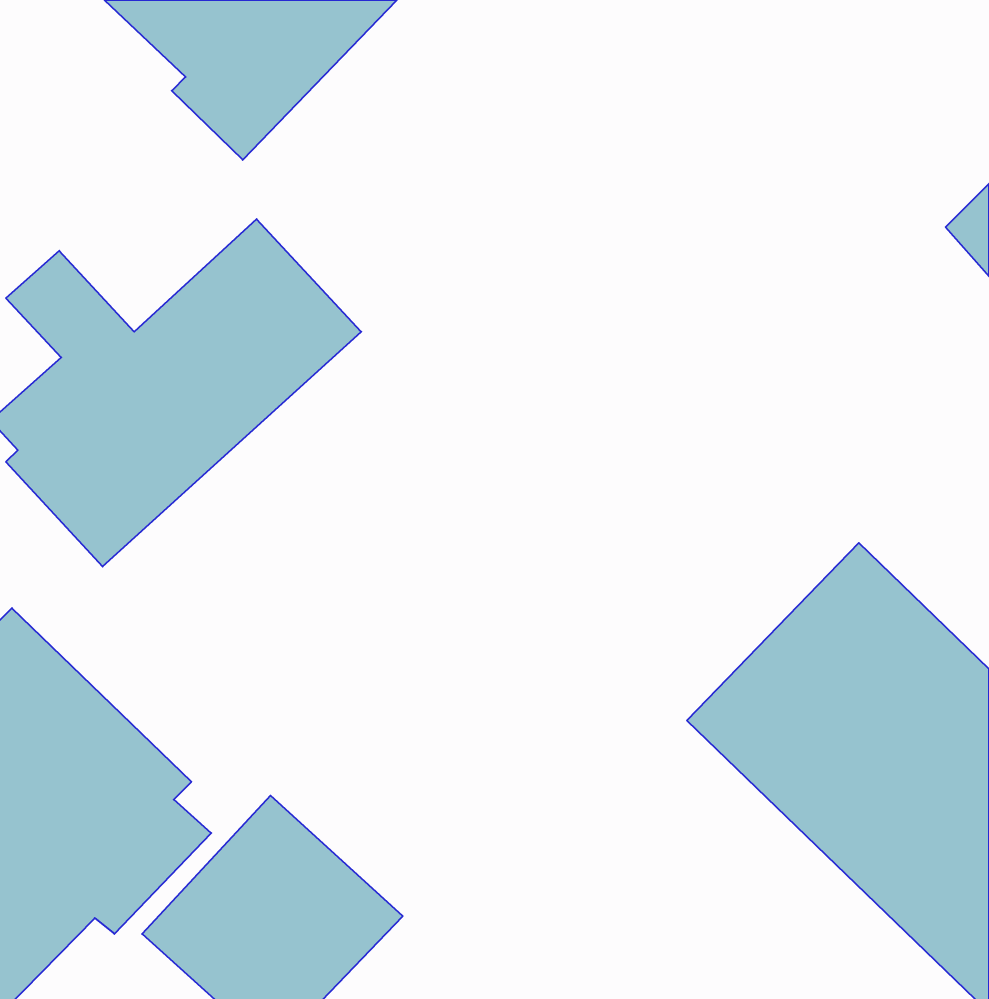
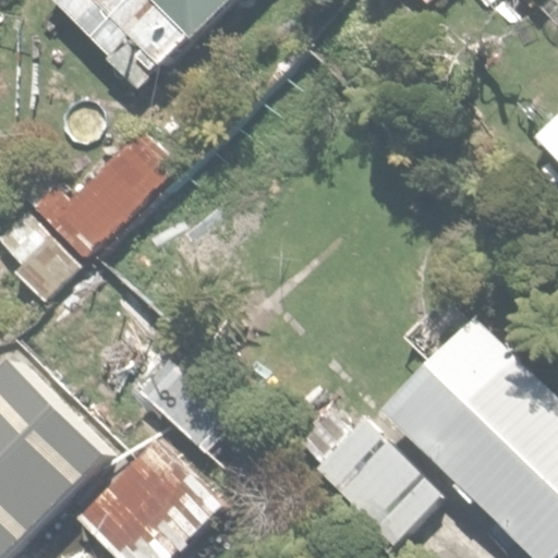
building: none -> [312,413,445,543]

